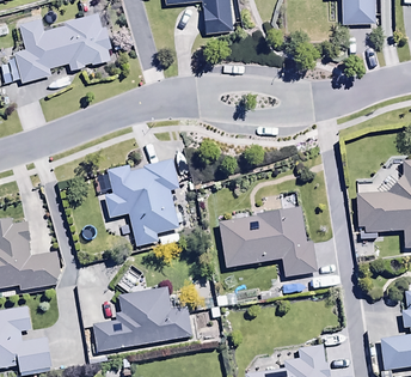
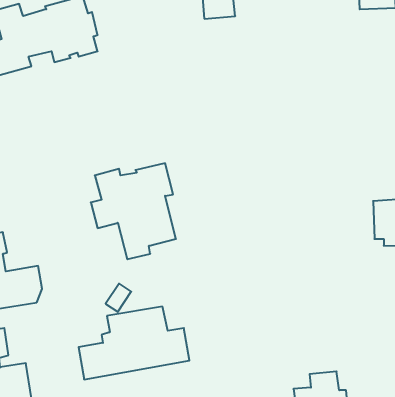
building: [221,207,319,276] -> none

